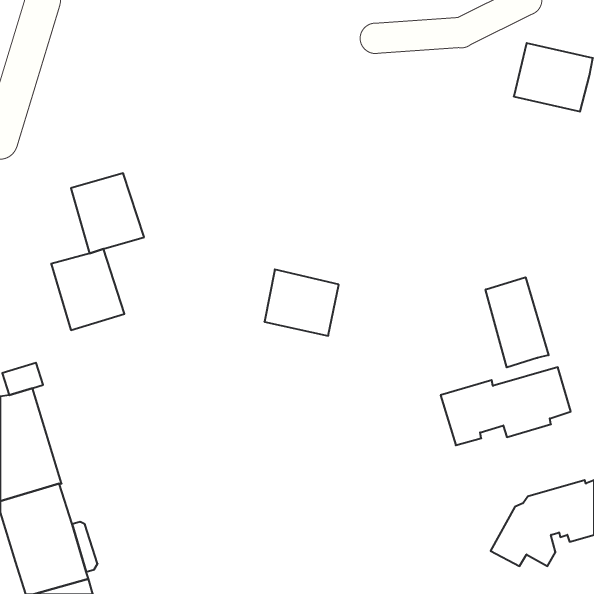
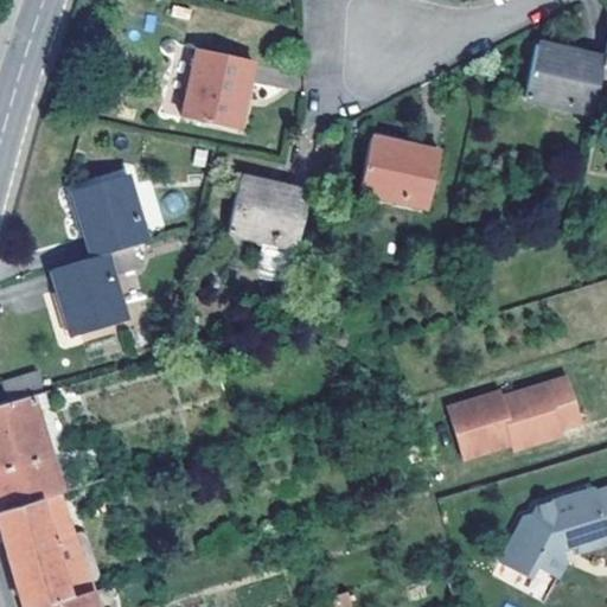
building: none -> [185,51,251,129]
building: none -> [362,140,436,207]
building: [264,269,339,336] -> [230,179,306,247]
building: [486,277,549,367] -> none

